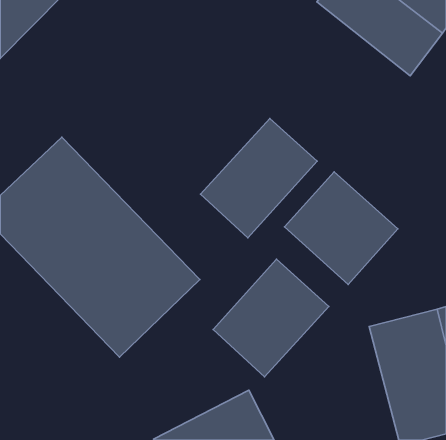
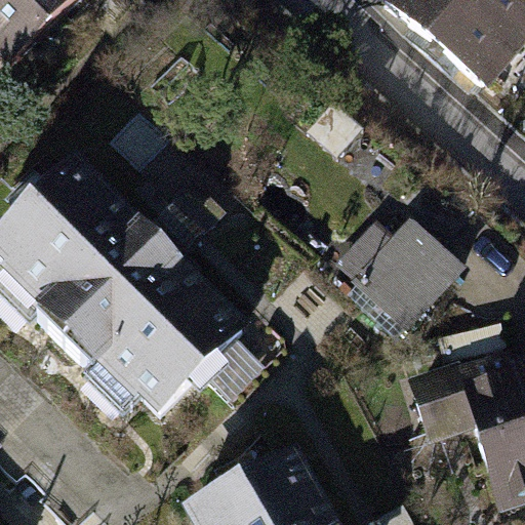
building: [200,118,317,238] -> none
building: [213,259,329,377] -> none

